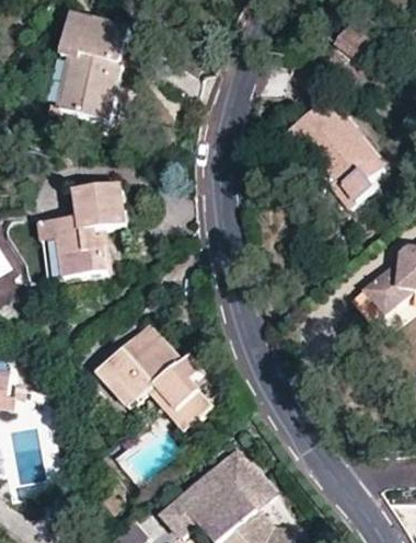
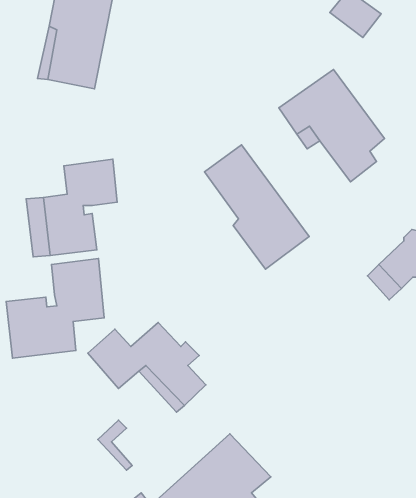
building: none -> [205,145,309,269]
building: none -> [6,258,104,358]
building: [120,321,165,365] -> none

